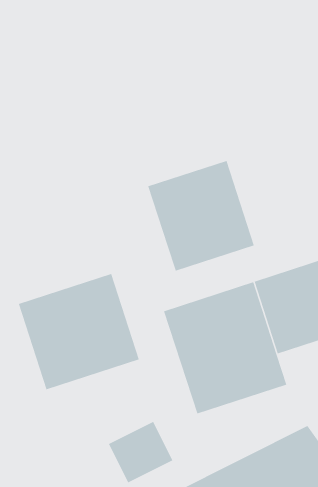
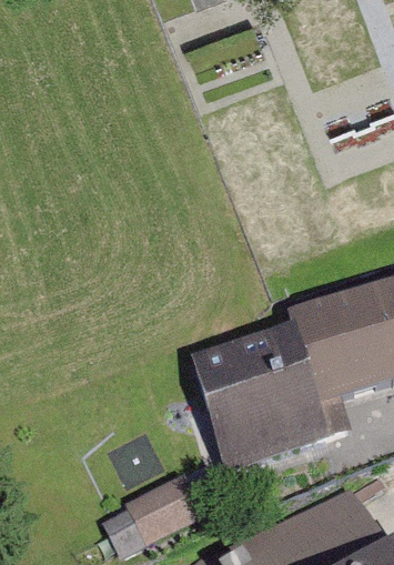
building: [148,160,255,272] -> none
building: [18,273,140,390] -> none

